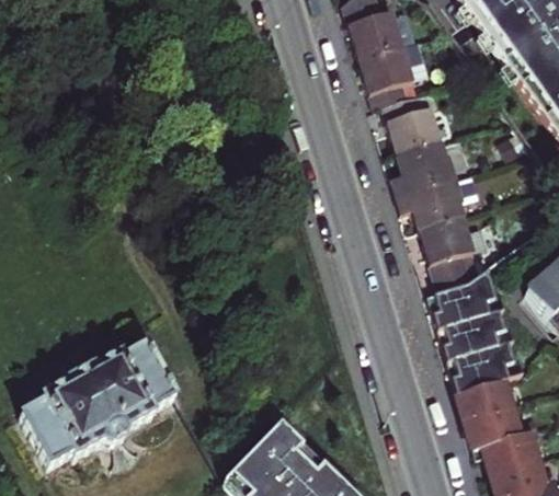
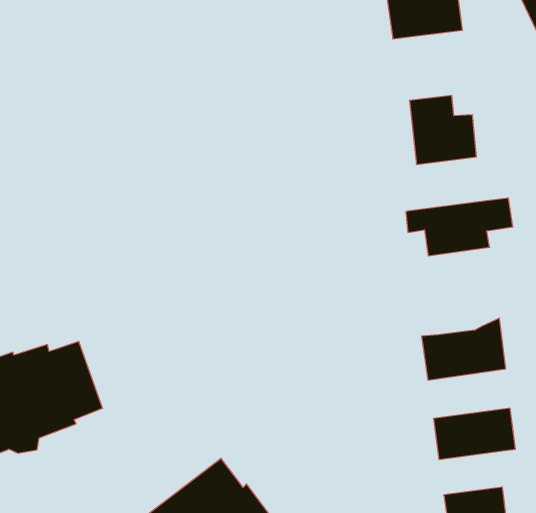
building: [361,37,427,104] -> none
building: [391,139,461,193] -> none
building: [419,211,477,290] -> none
building: [435,309,506,359] -> none
building: [455,378,511,420] -> none

